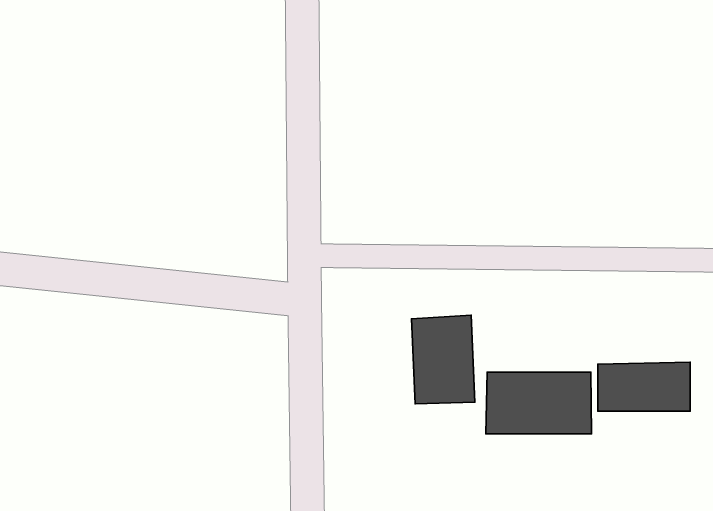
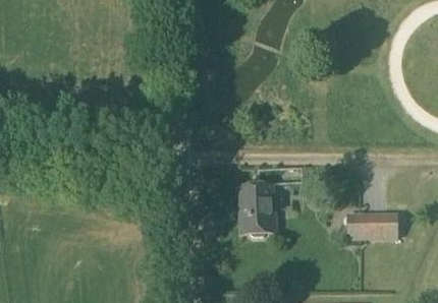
building: [486,372,592,434] -> none

